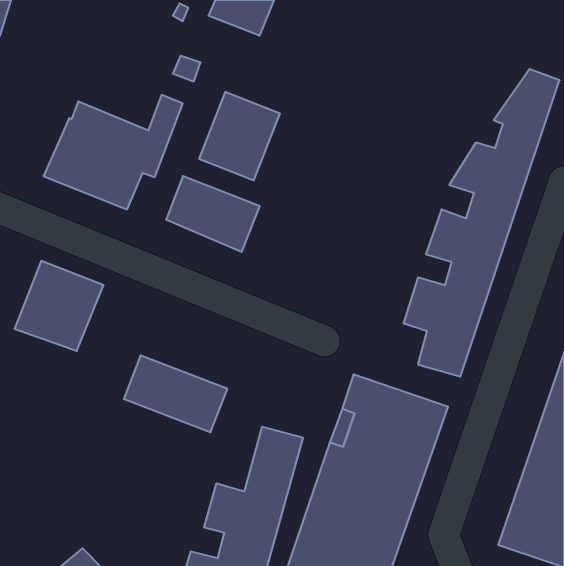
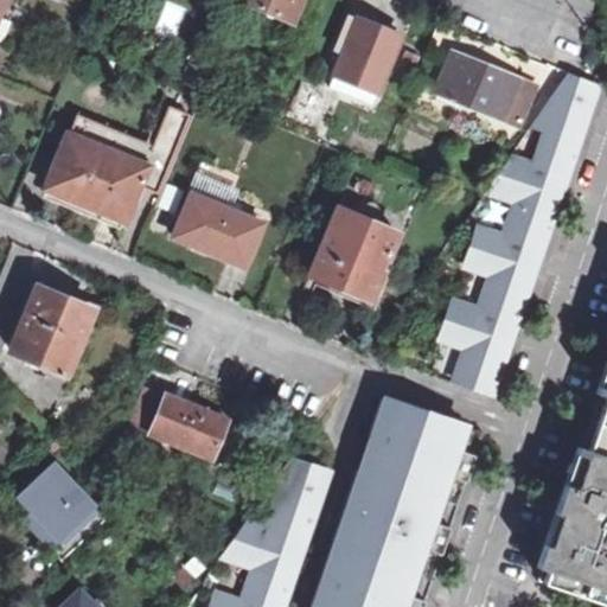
building: none -> [334,17,397,89]
building: none -> [437,50,537,127]
building: [199,92,280,180] -> none
building: none -> [319,203,415,306]
building: none -> [21,460,115,561]

